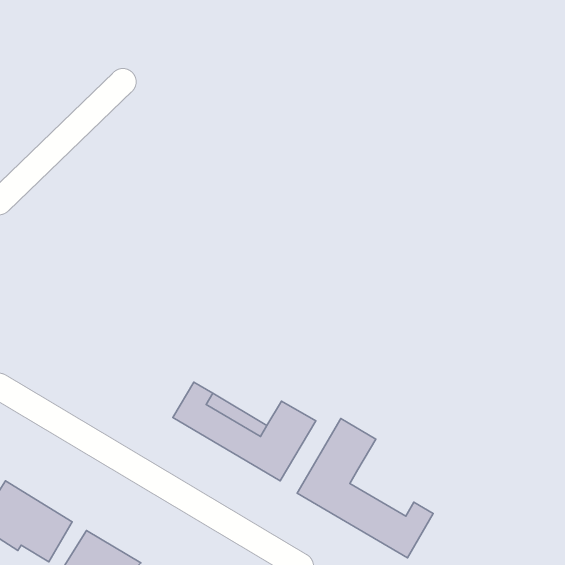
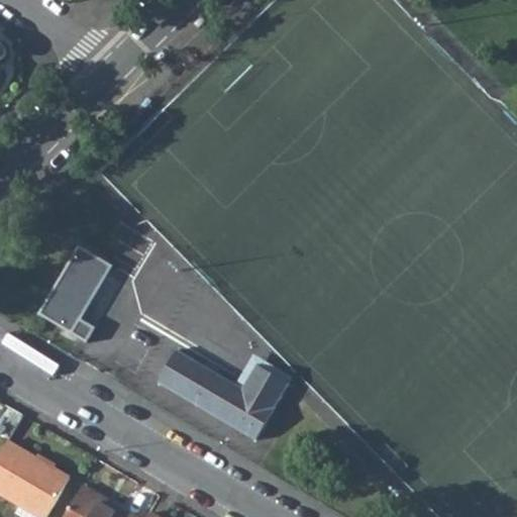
building: none -> [39,248,111,341]
building: [297,418,433,558] -> none

